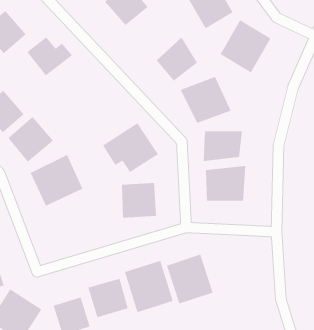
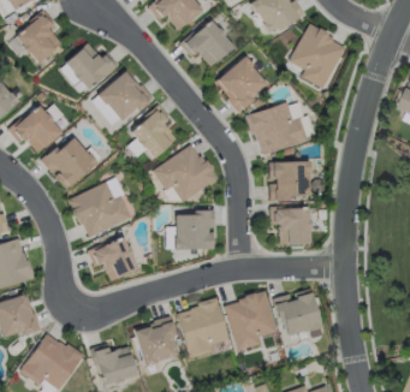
building: none -> [183,11,230,57]
building: none -> [96,69,151,125]
building: none -> [130,112,178,161]
building: none -> [87,238,136,281]
building: none -> [275,295,322,341]

